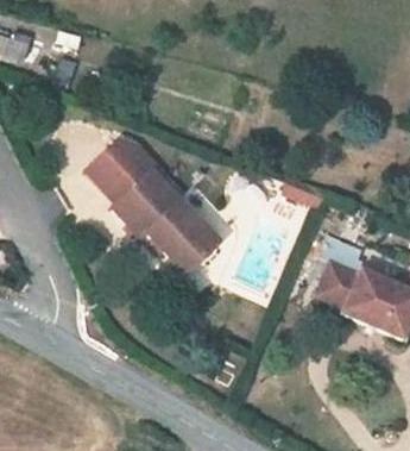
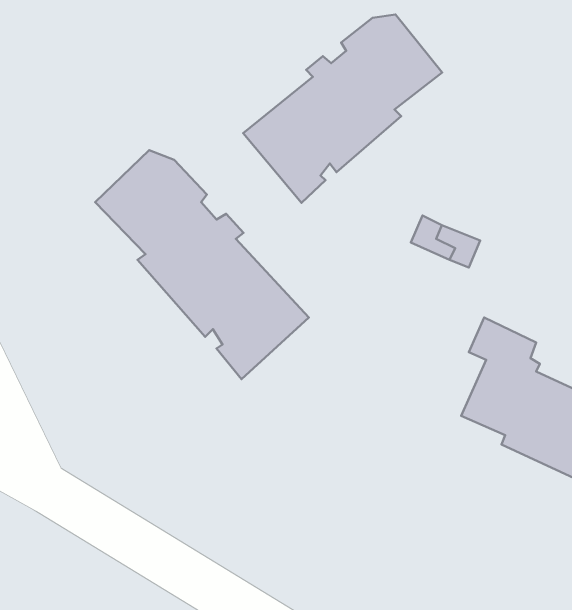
building: none -> [243,14,442,203]

